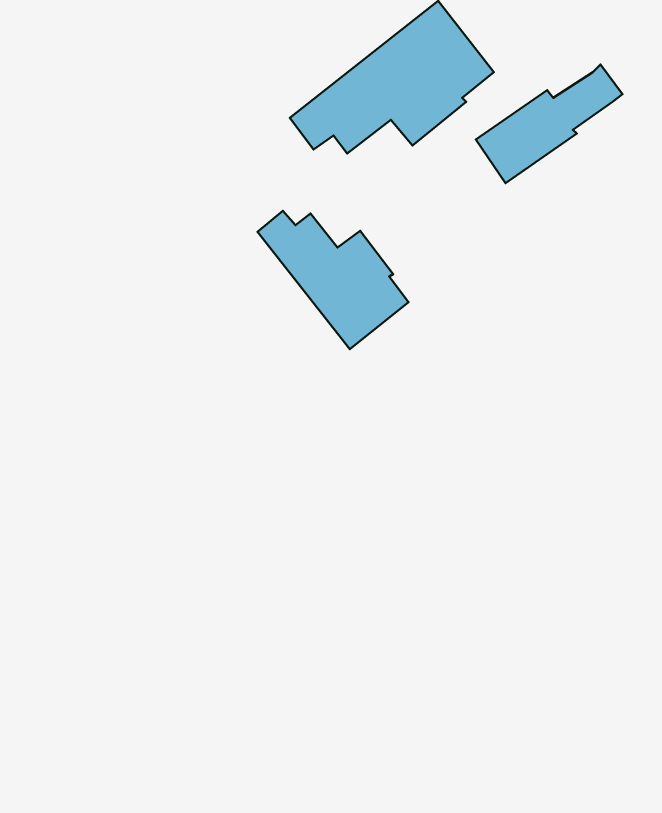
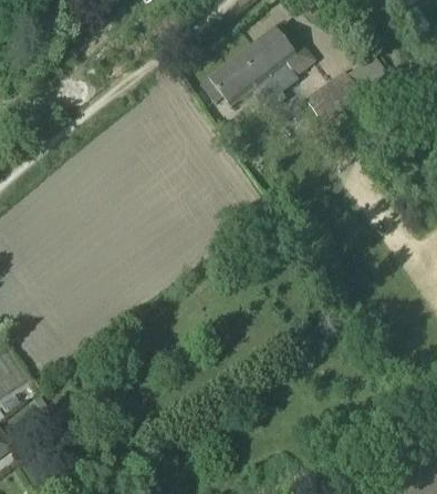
building: [258,211,409,349] -> none

